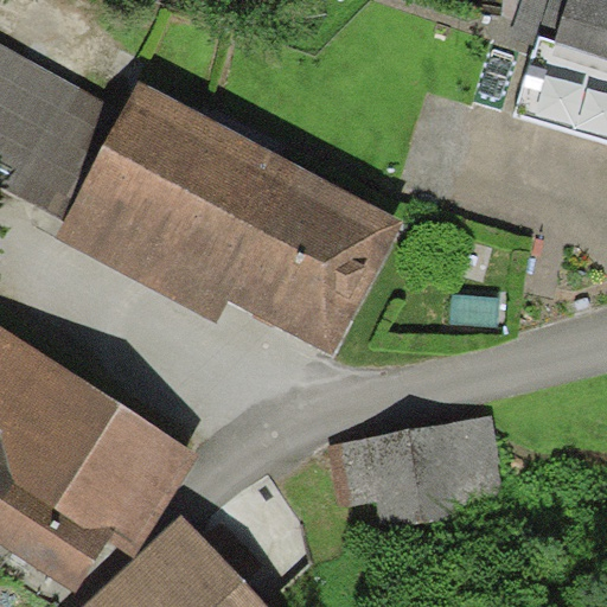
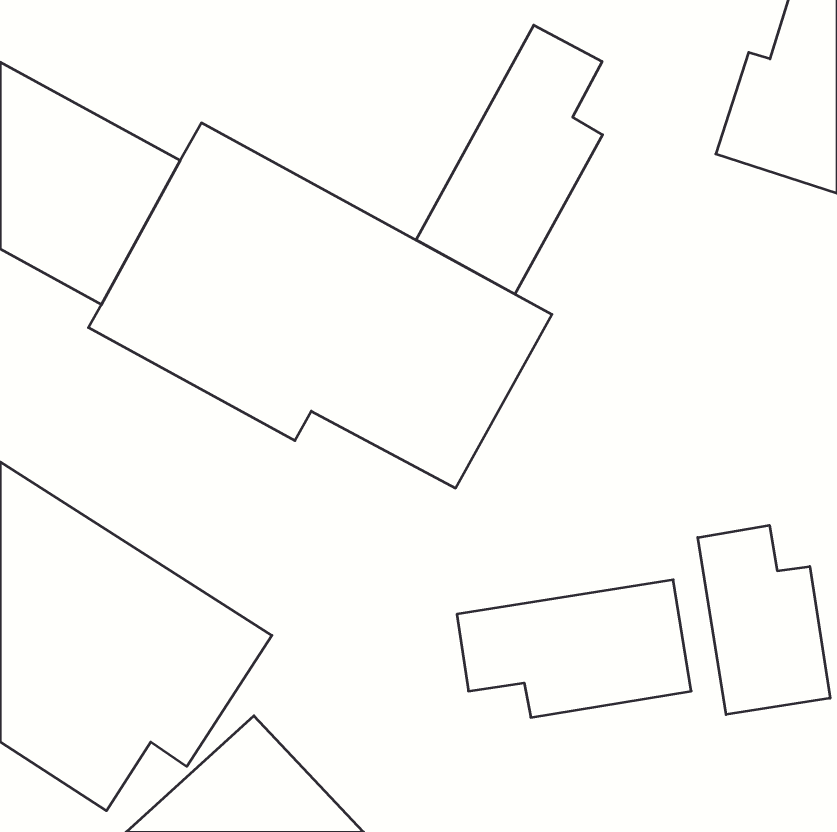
building: none -> [416,25,603,294]
building: none -> [698,525,830,715]

